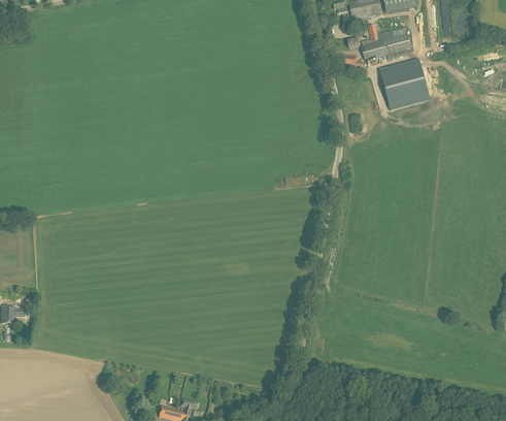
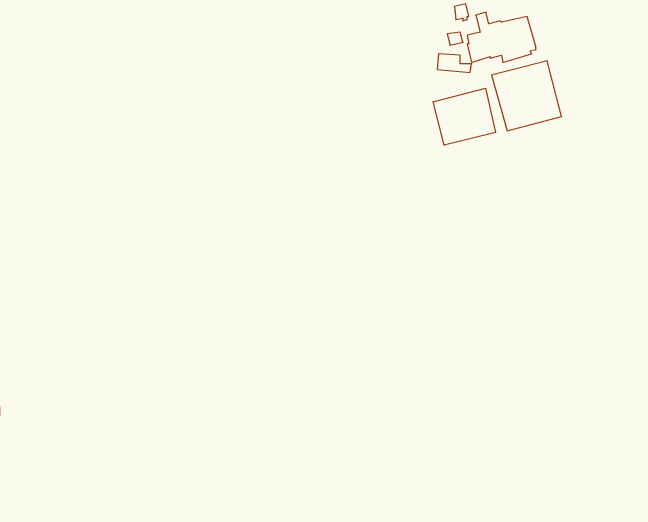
building: none -> [433,88,495,145]

